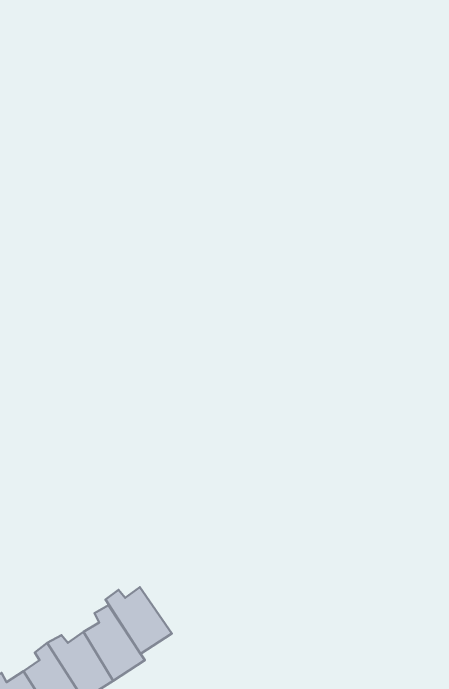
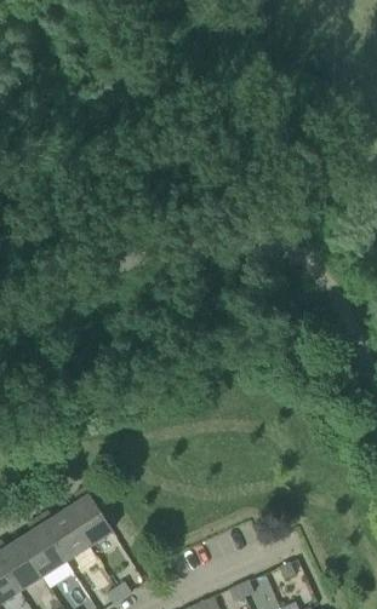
building: [106,587,172,654] -> none

